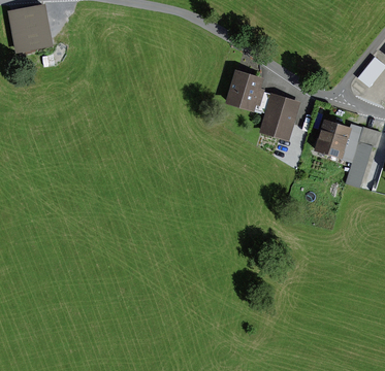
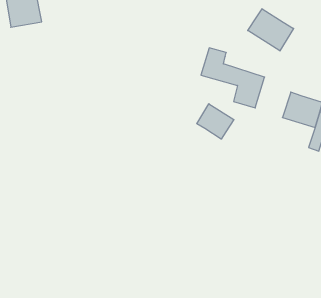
building: none -> [248,9,294,51]
building: none -> [197,104,234,139]

